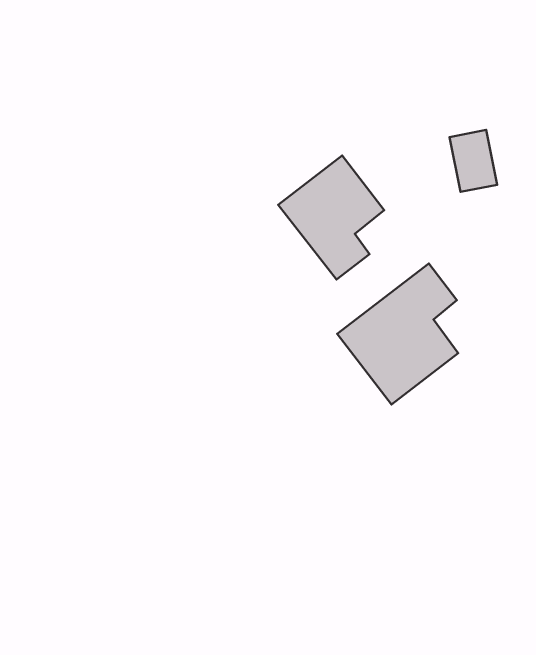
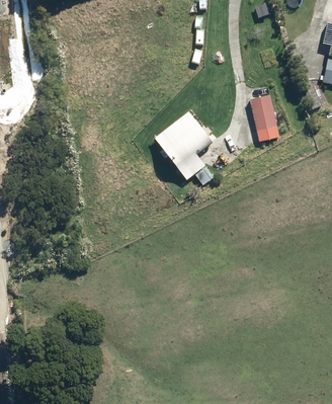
building: [337,264,458,405] -> none

